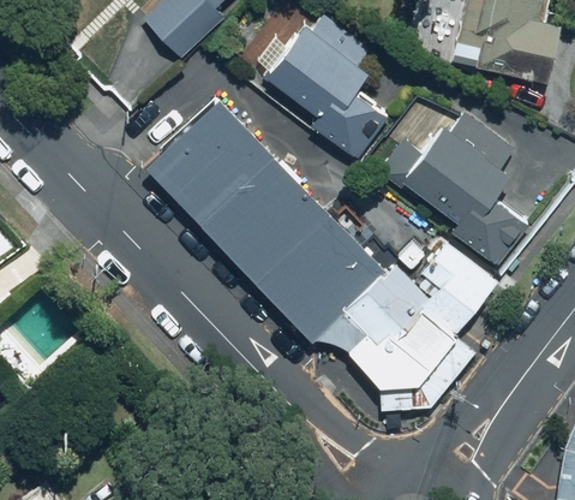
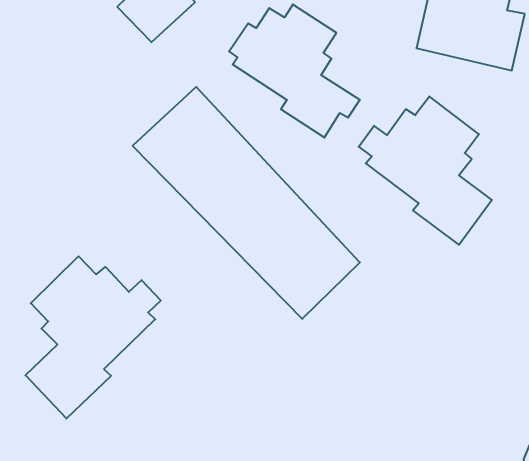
building: [331,248,495,415] -> none
building: none -> [25,256,161,419]

